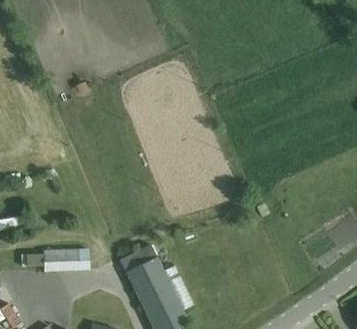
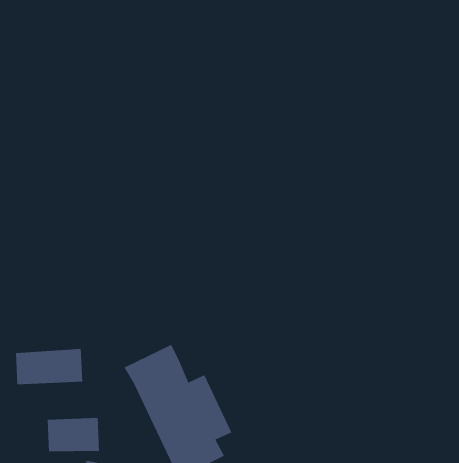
building: none -> [47,417,100,452]

